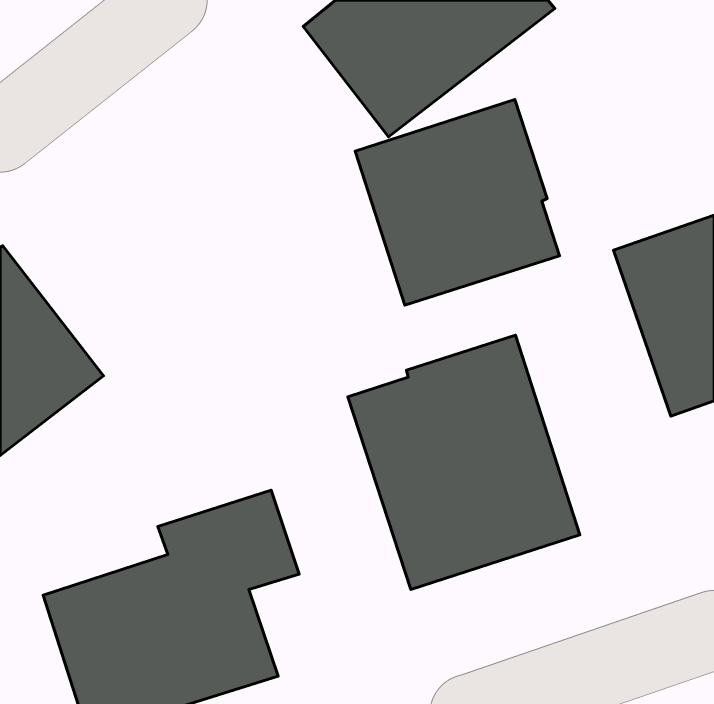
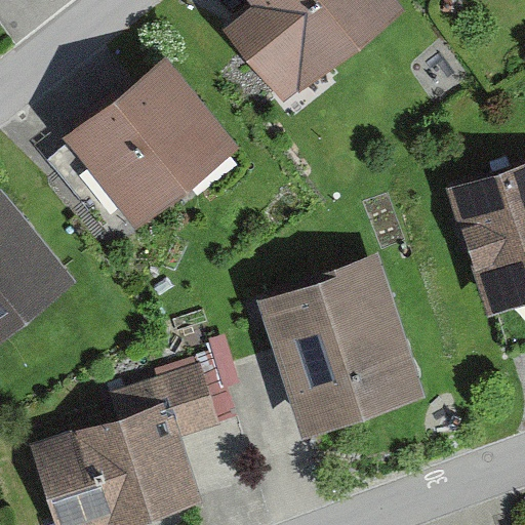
building: none -> [48,54,241,242]
building: [355,99,559,305] -> none

